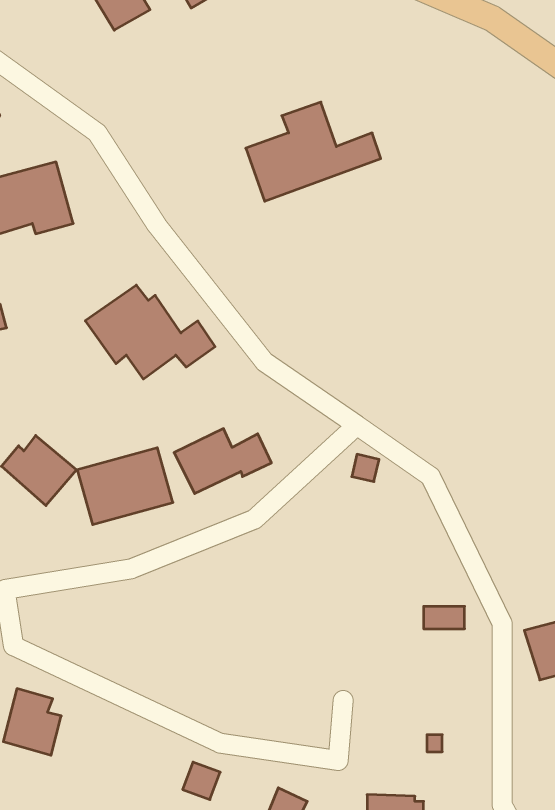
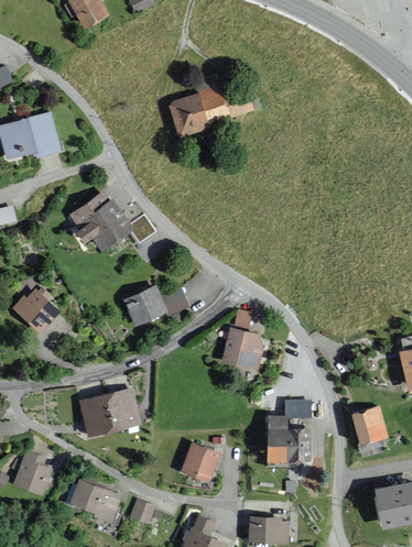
building: [77,448,173,525] -> [78,386,140,436]
building: none -> [223,328,265,371]
building: none -> [267,416,310,461]
building: none -> [180,439,220,480]
building: none -> [72,481,120,522]

